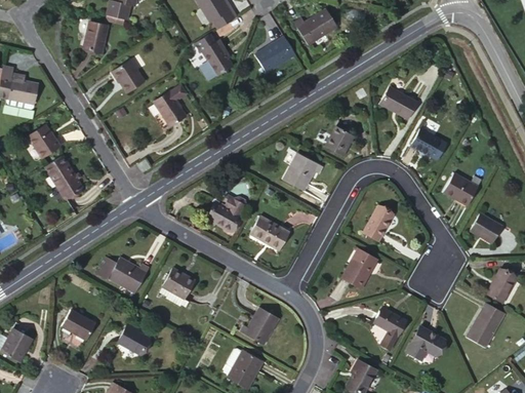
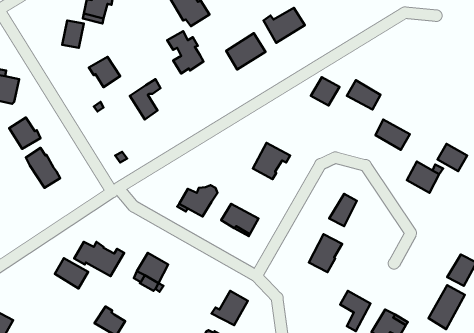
building: [325,125,355,155] -> [311,77,339,105]
building: [471,212,501,241] -> [438,144,467,171]
building: [62,308,96,340] -> [55,258,88,289]

